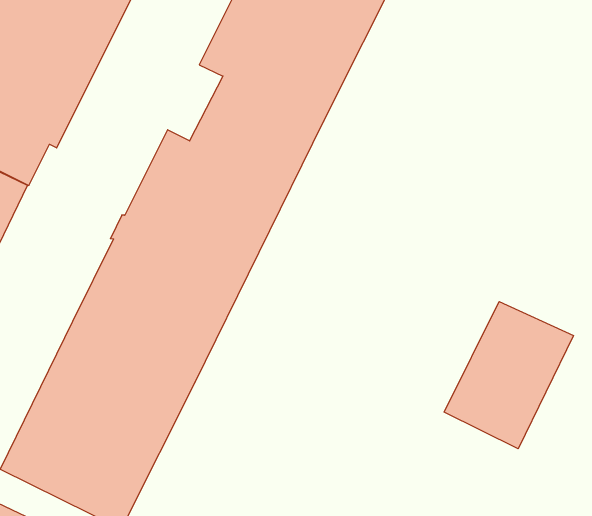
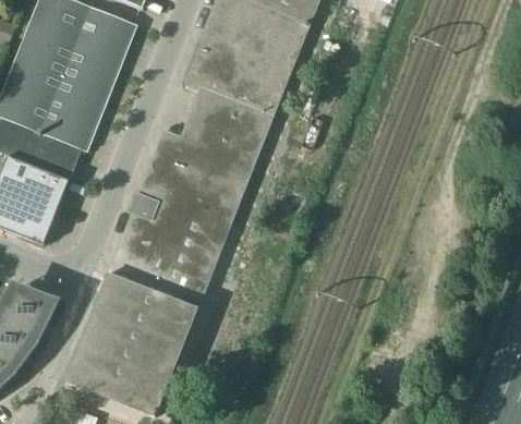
building: [444,302,574,449] -> none

